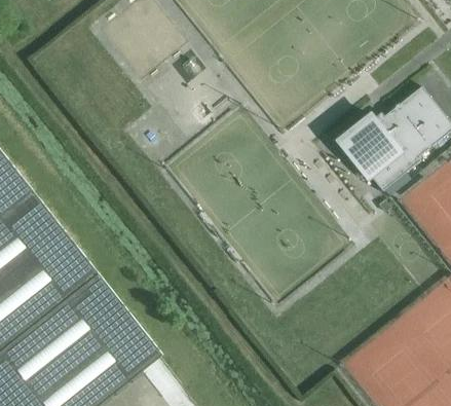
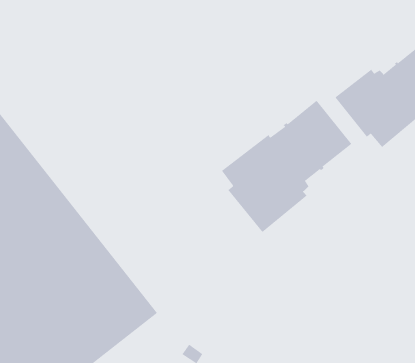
building: none -> [221,100,352,233]

